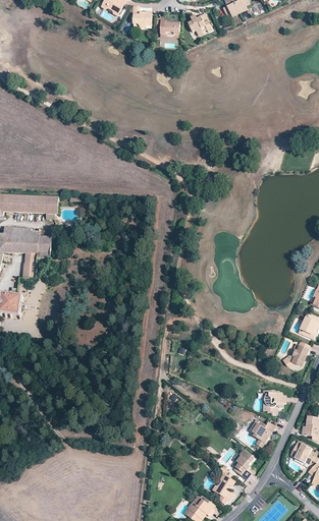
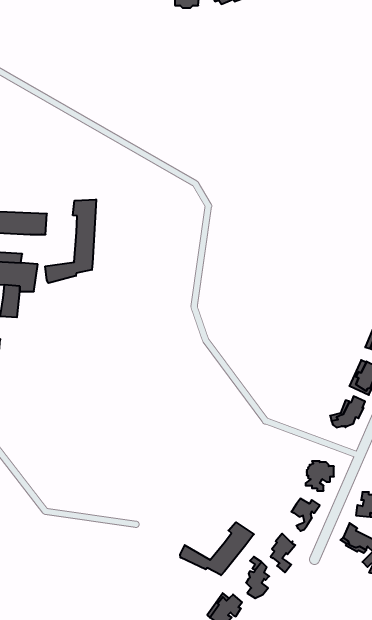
building: none -> [45,199,96,283]
building: none -> [180,522,254,575]

